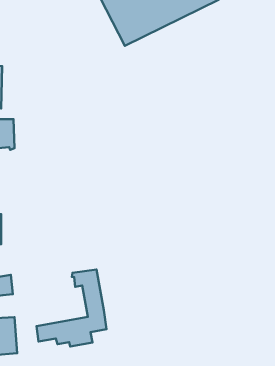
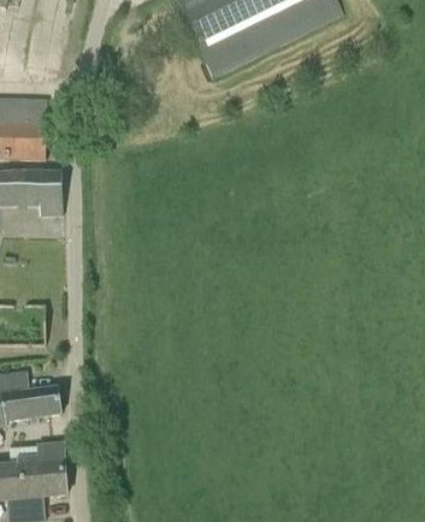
building: [36,269,107,346] -> none

